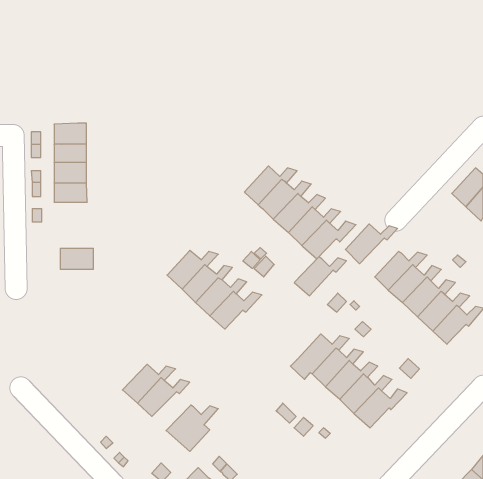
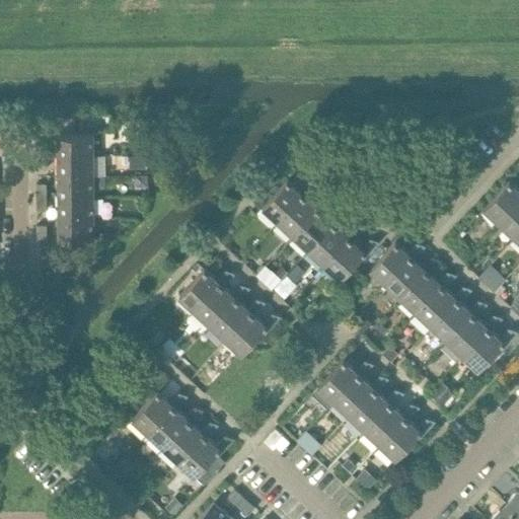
building: [60,248,93,269] -> [58,222,93,244]
building: [294,257,346,296] -> [384,261,440,302]
building: none -> [162,425,218,466]

